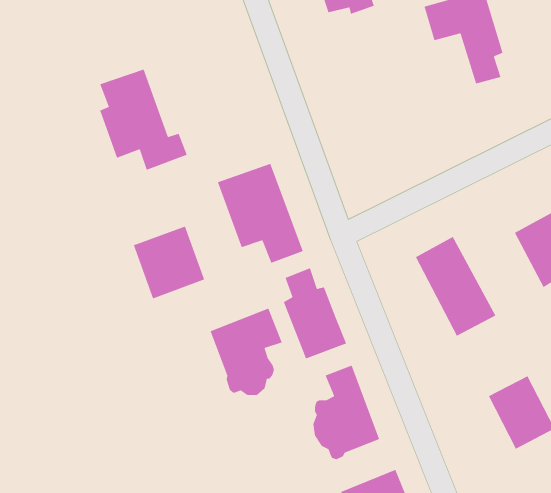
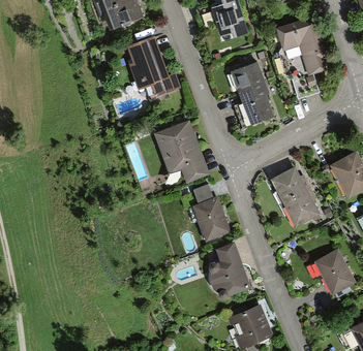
building: none -> [231,61,274,124]
building: [99,68,188,171] -> [126,36,179,97]
building: [133,225,205,299] -> none
building: [209,307,283,396] -> none

